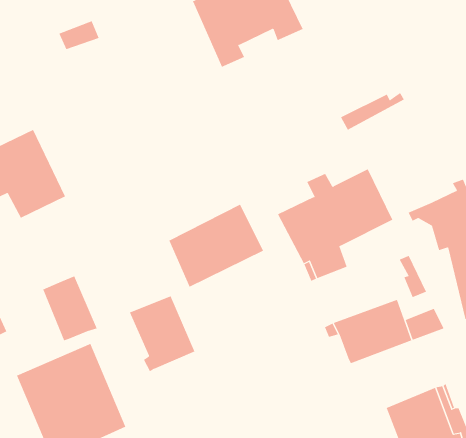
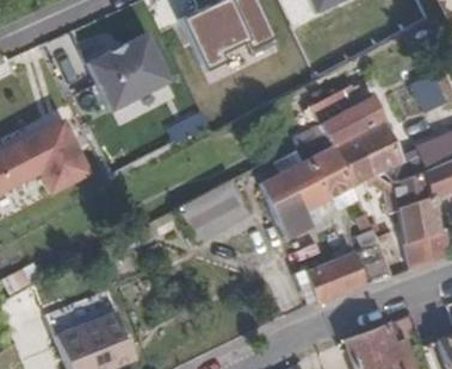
building: none -> [73,31,168,118]
building: none -> [321,99,404,190]
building: [43,275,97,341] -> none
building: [129,296,195,372] -> none

